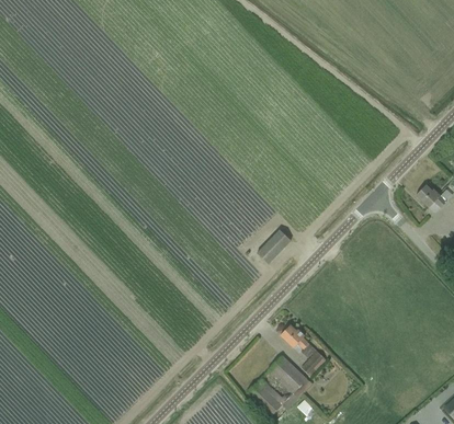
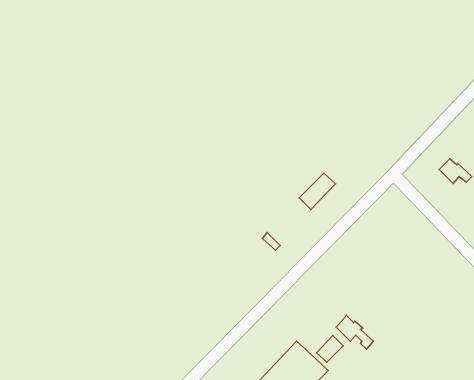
building: [257,229,291,263] -> [299,173,335,210]
building: [280,323,315,355] -> [336,315,373,349]

